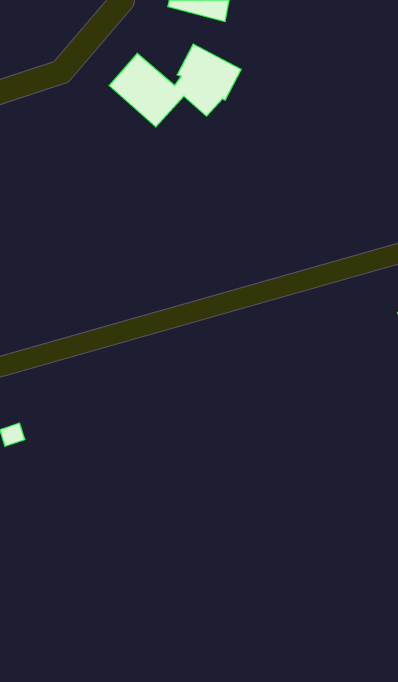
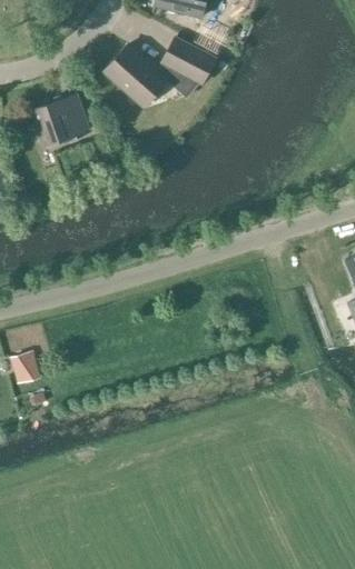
building: none -> [32,94,89,146]

